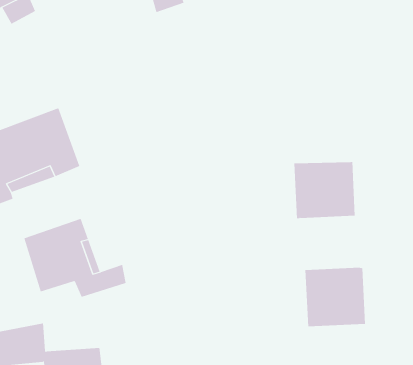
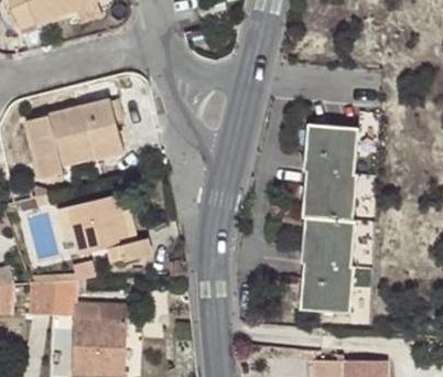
building: none -> [302,123,356,174]
building: none -> [301,217,354,265]

